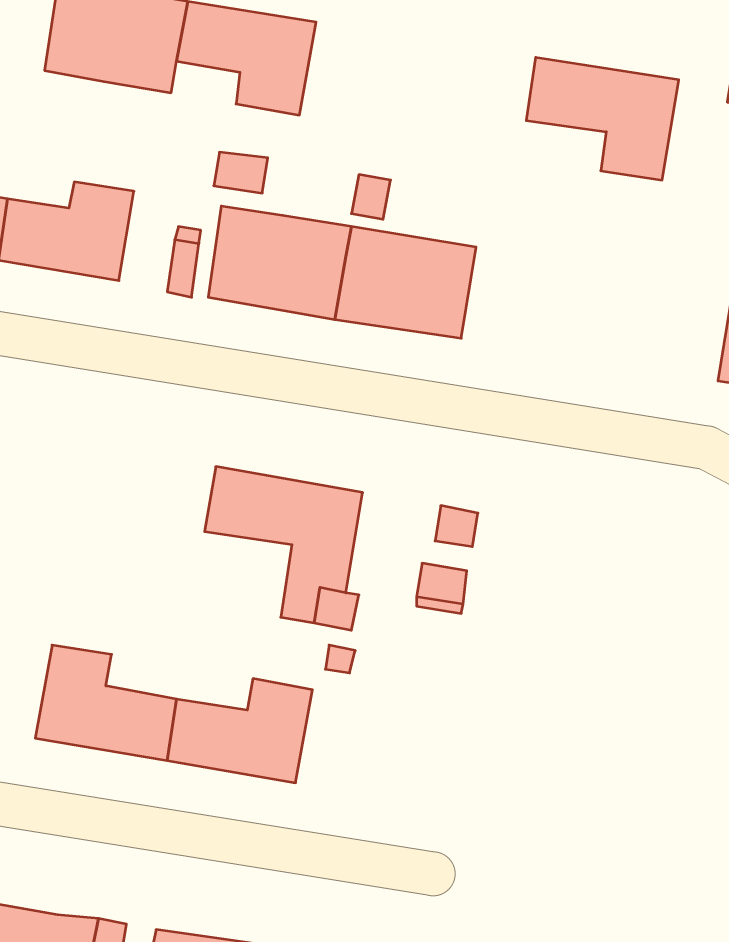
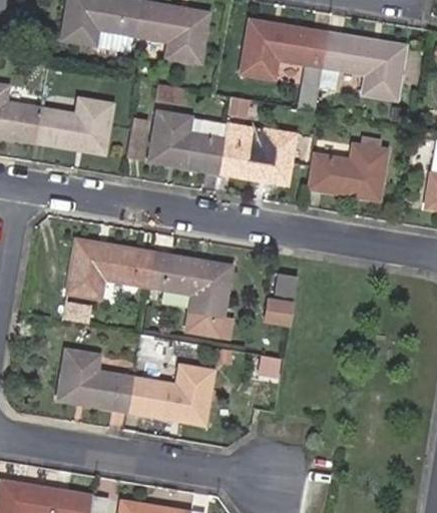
building: none -> [242,19,328,108]
building: none -> [308,144,388,199]
building: none -> [68,240,155,299]

